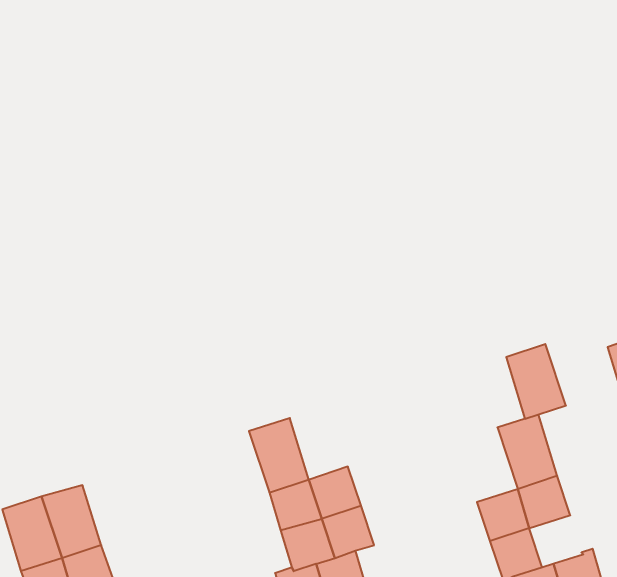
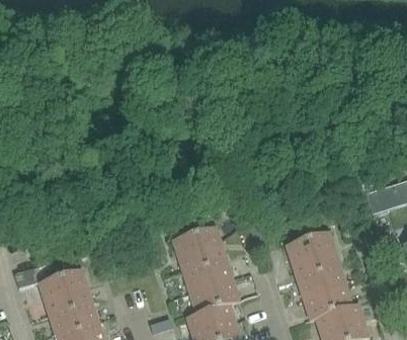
building: [506,344,566,419] -> [286,238,318,278]
building: none -> [194,226,226,266]
building: none -> [324,285,353,314]

